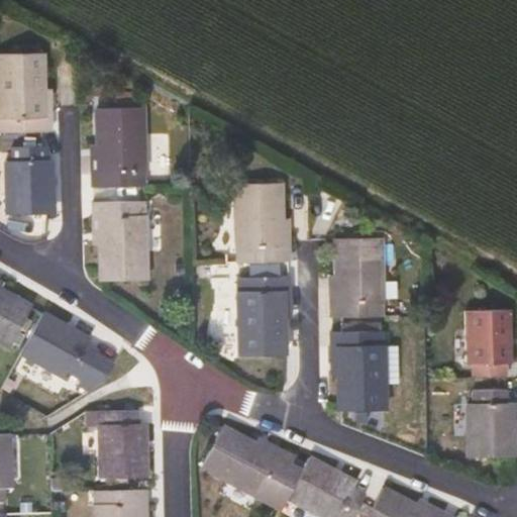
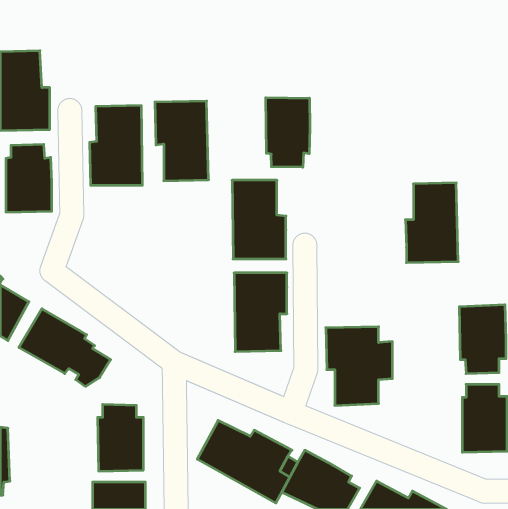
building: none -> [266,98,310,167]
building: [93,200,147,281] -> [155,101,209,181]
building: [330,237,384,318] -> [405,183,458,263]

